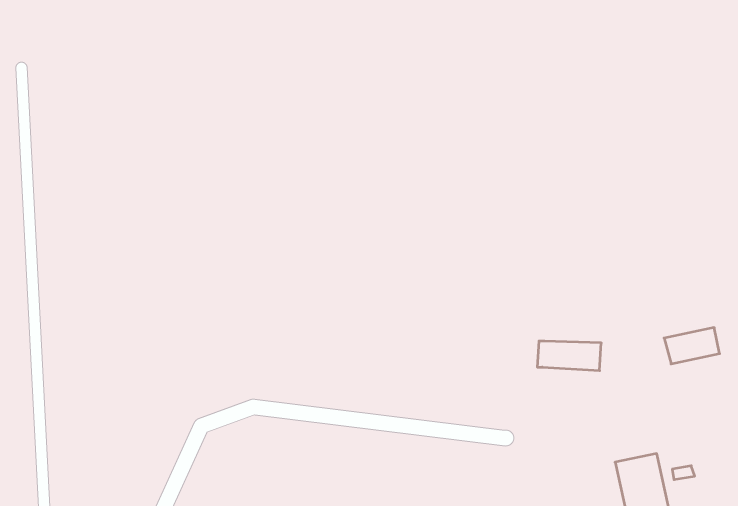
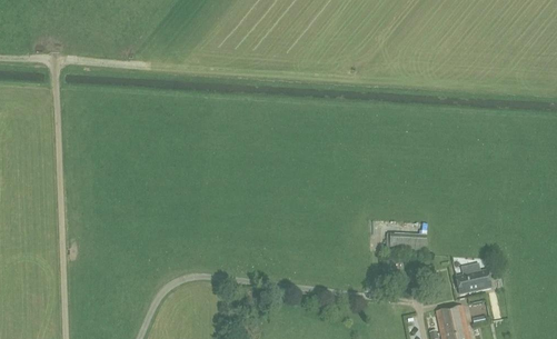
building: [664,328,720,364] -> [455,269,490,292]

